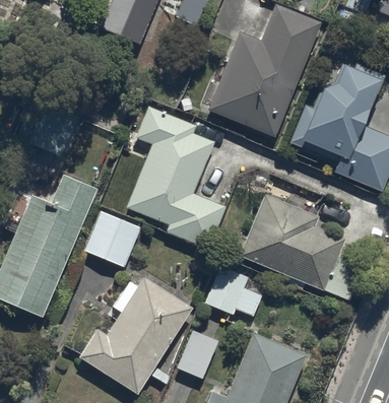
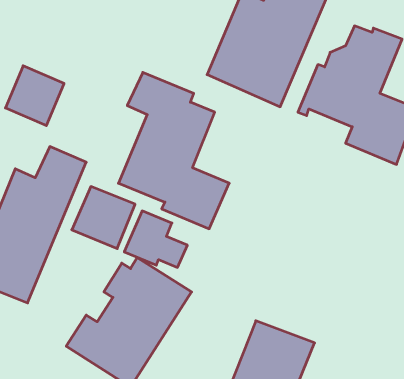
building: [238,193,365,298] -> none
building: [204,264,262,316] -> [124,211,187,267]
building: [175,325,221,381] -> none

